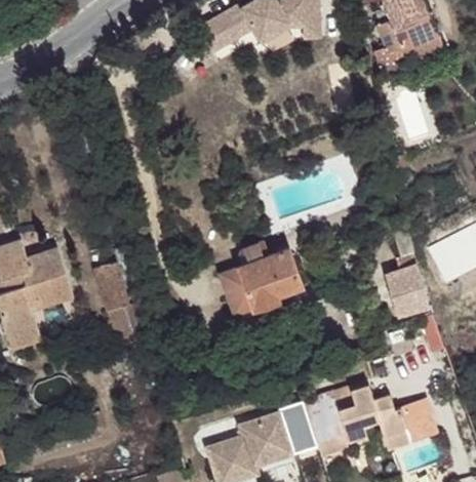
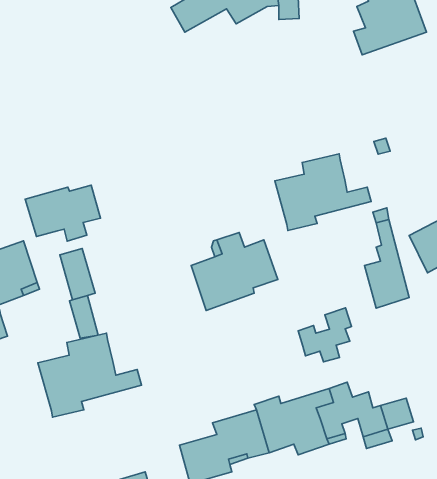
building: none -> [275,154,371,230]
building: none -> [25,185,101,241]
building: none -> [298,308,352,362]
building: none -> [38,333,142,417]

